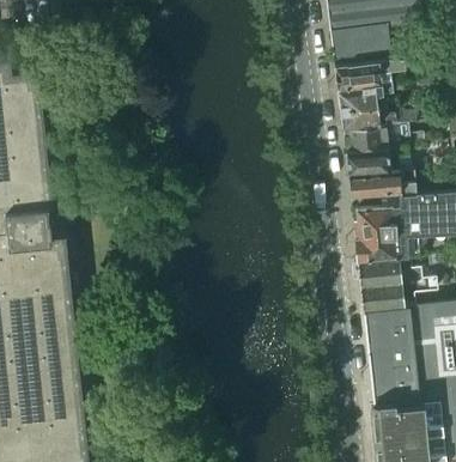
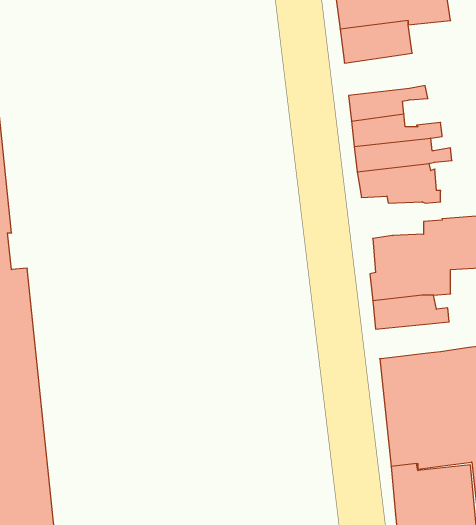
building: [334,59,405,89] -> none
building: [347,174,415,196] -> none
building: [359,279,437,311] -> none

